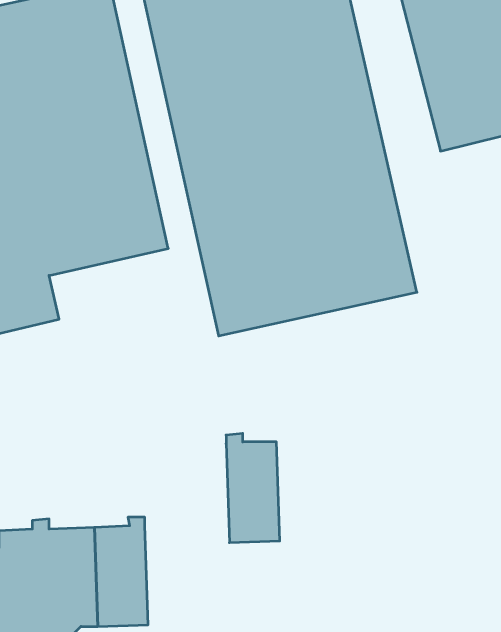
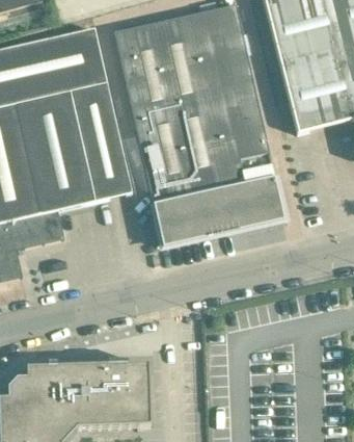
building: [226,433,280,543] -> [116,358,149,425]

